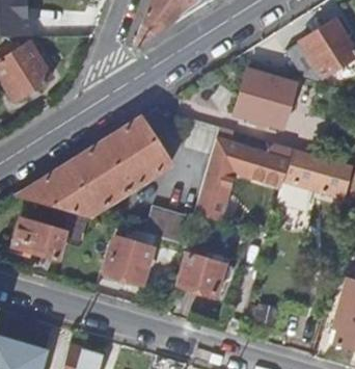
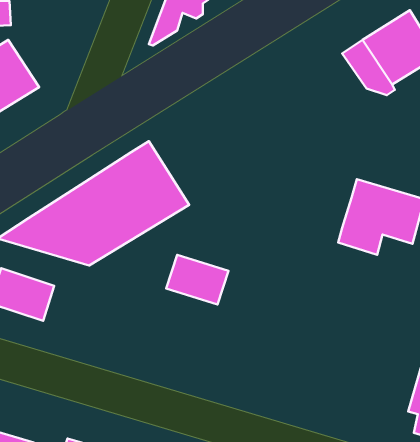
building: [233,70,295,130] -> none
building: [198,128,295,222] -> none
building: [105,236,152,283] -> none
building: [182,257,229,296] -> none

